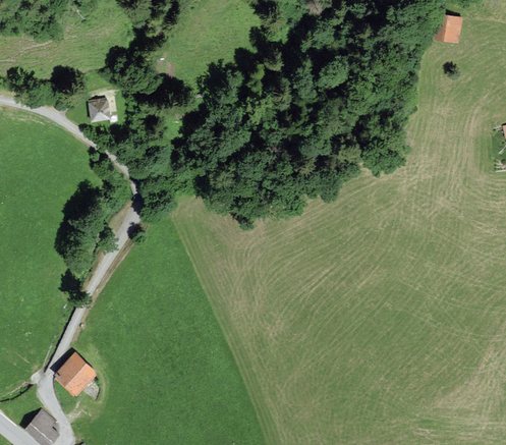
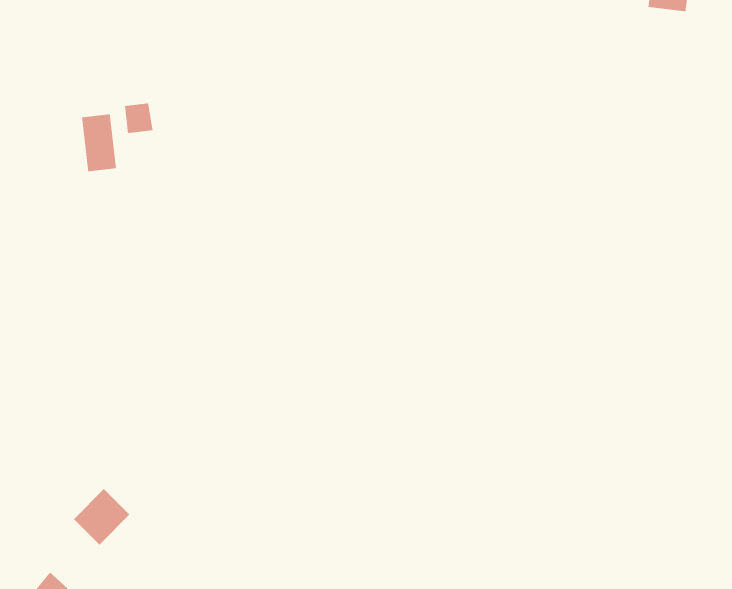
building: none -> [81,113,117,172]

